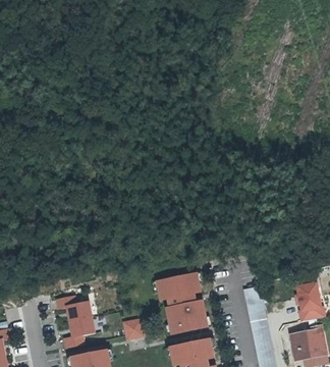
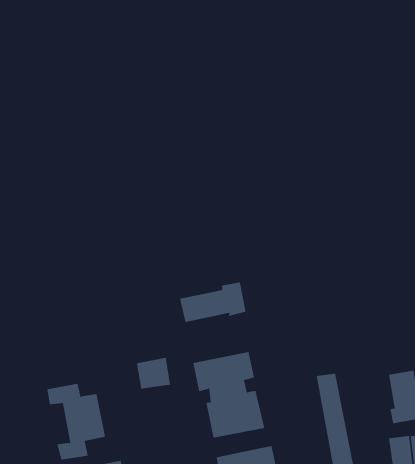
building: none -> [180,282,246,323]
building: [118,318,143,340] -> [136,357,171,389]

